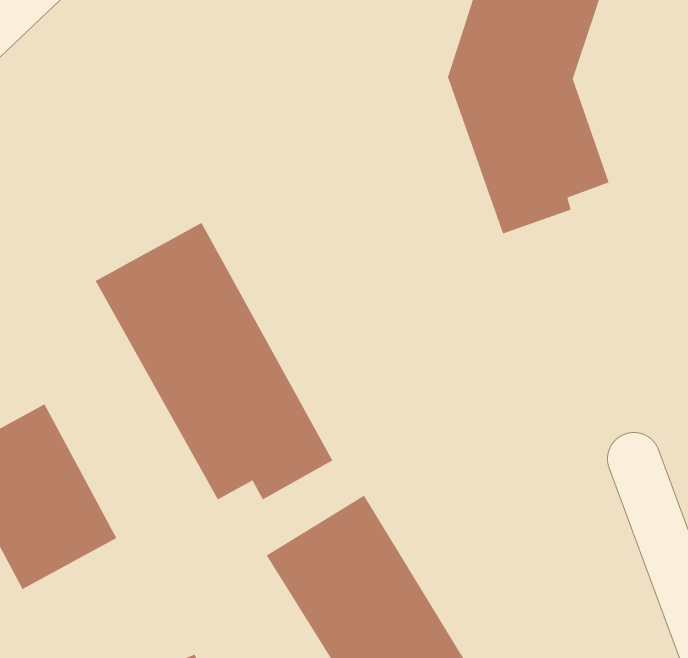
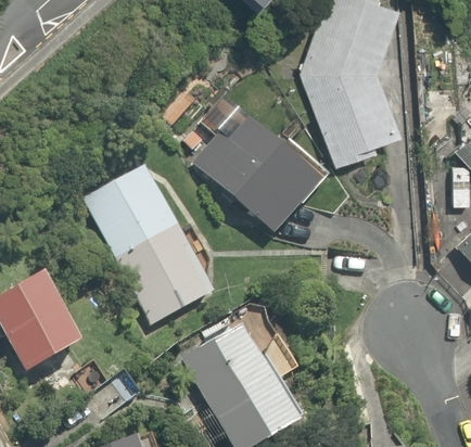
building: none -> [181,113,323,240]

